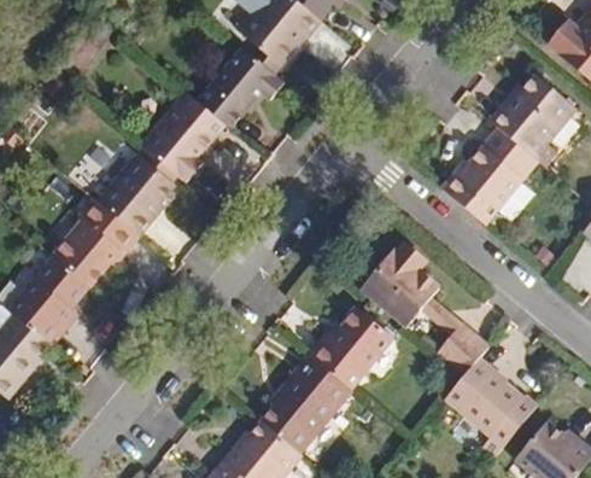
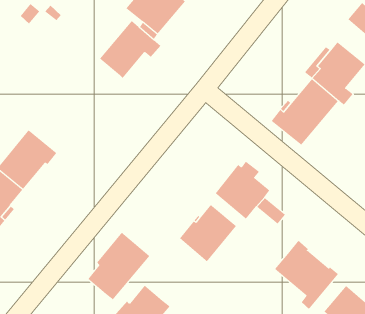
building: [141,91,227,182] -> none
building: [99,153,176,234] -> none
building: [437,322,490,377] -> none
building: [263,355,352,451] -> [88,232,151,300]

